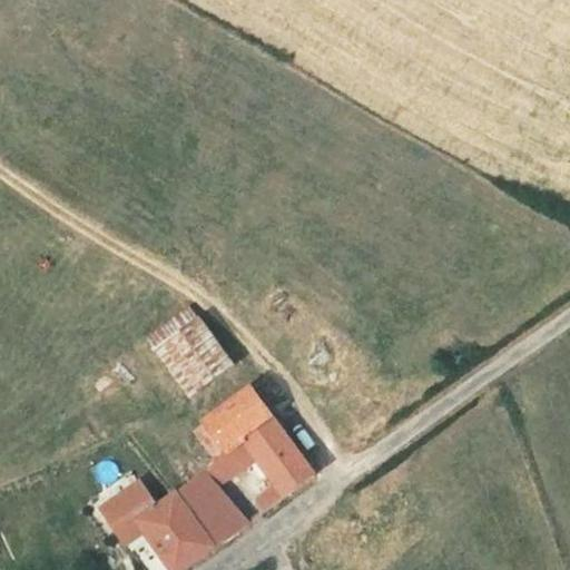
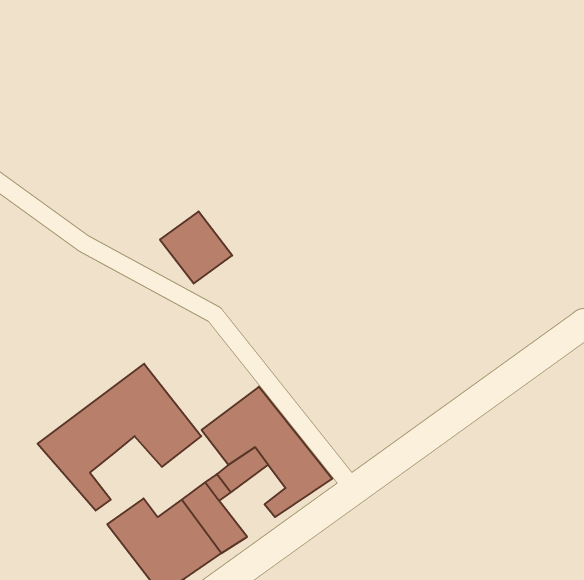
building: [164,318,233,387] -> [160,211,232,284]
building: none -> [38,364,201,511]

